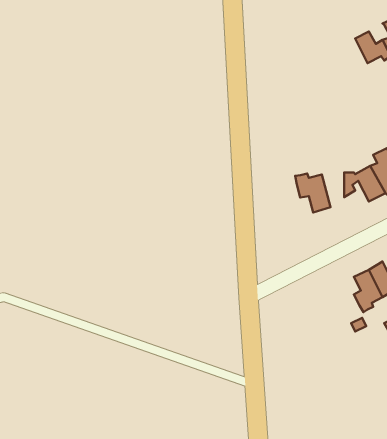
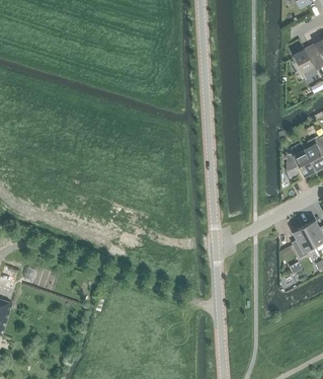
building: [295,173,330,212] -> none

